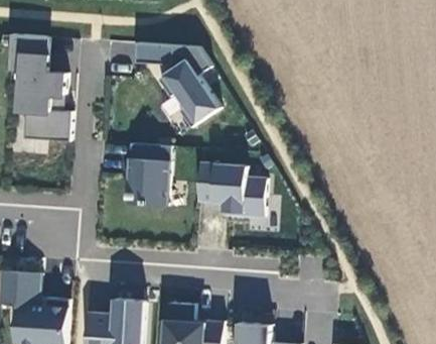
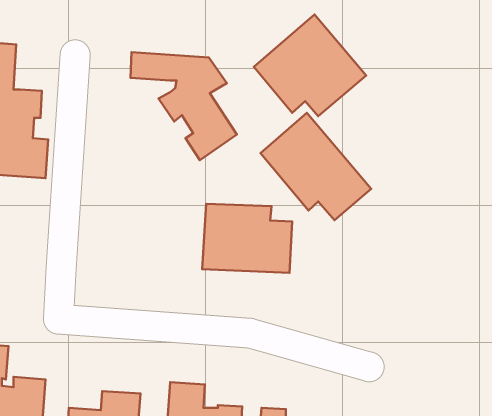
building: none -> [254,14,366,116]
building: none -> [260,113,371,220]
building: [126,142,170,206] -> none

